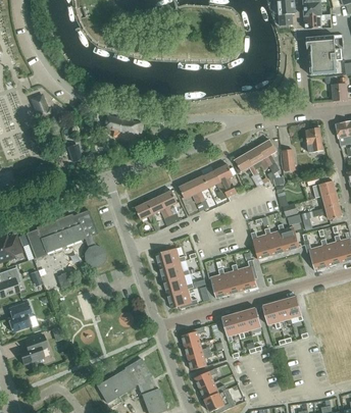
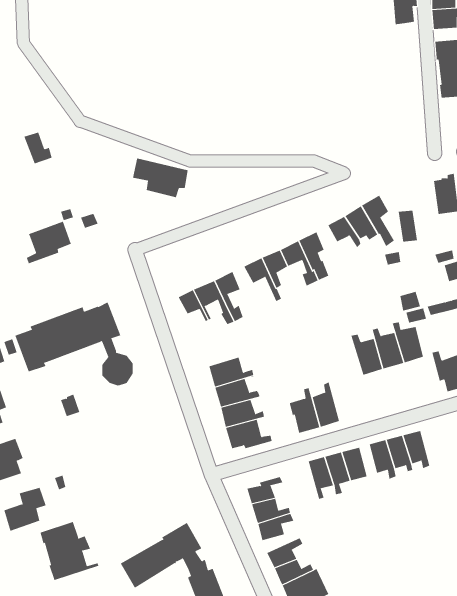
building: none -> [20,221,72,264]
building: [236,259,257,290] -> none
building: none -> [40,521,99,581]

